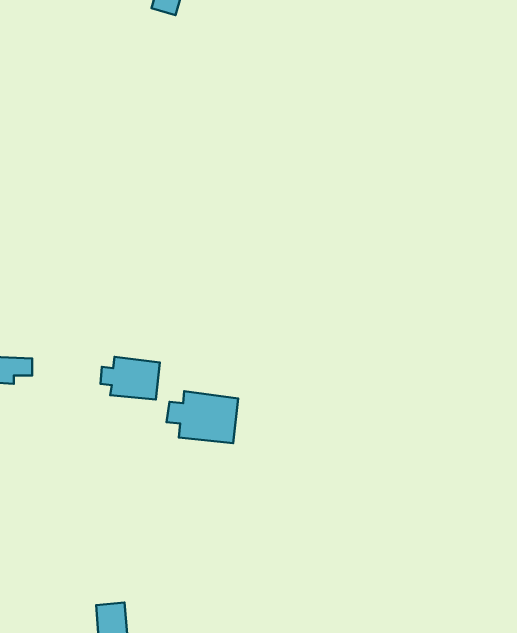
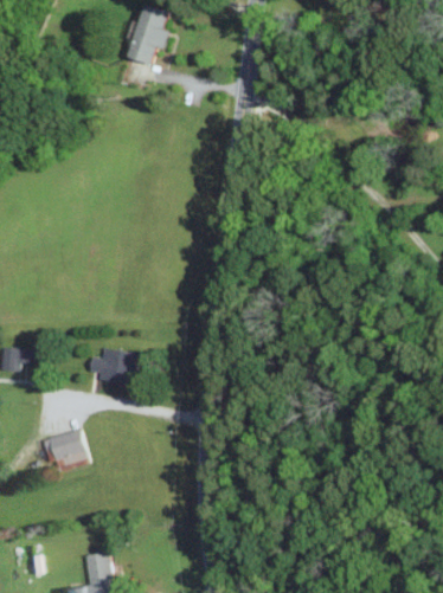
building: [167,391,238,443] -> none
building: none -> [40,428,85,465]

